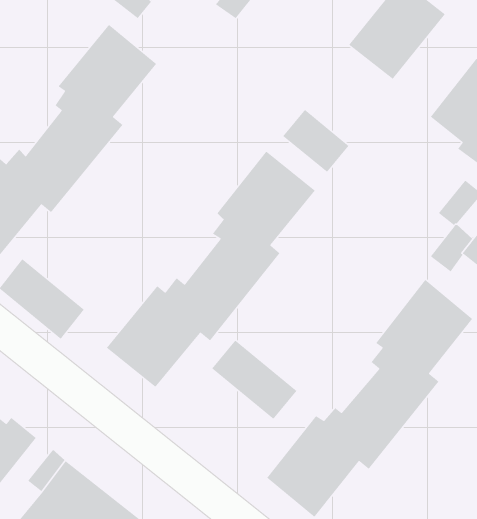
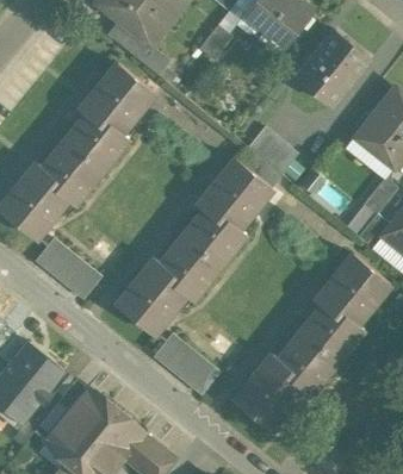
building: [211,340,298,420] -> [154,333,218,393]

